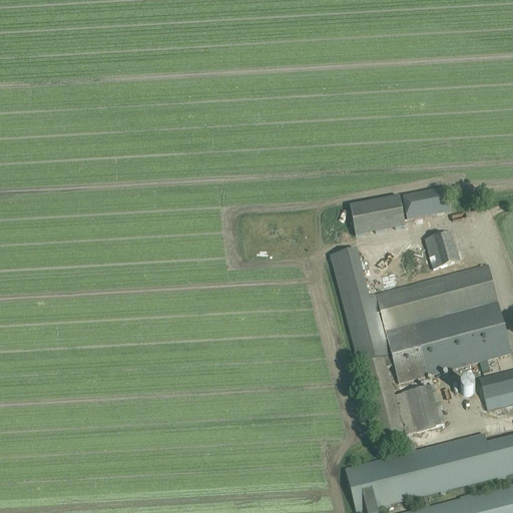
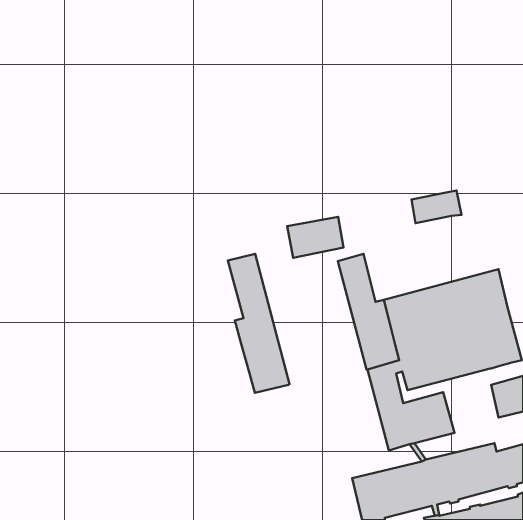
building: [350,195,405,235] -> [287,217,343,258]
building: [424,230,460,269] -> none
building: none -> [228,254,290,393]

